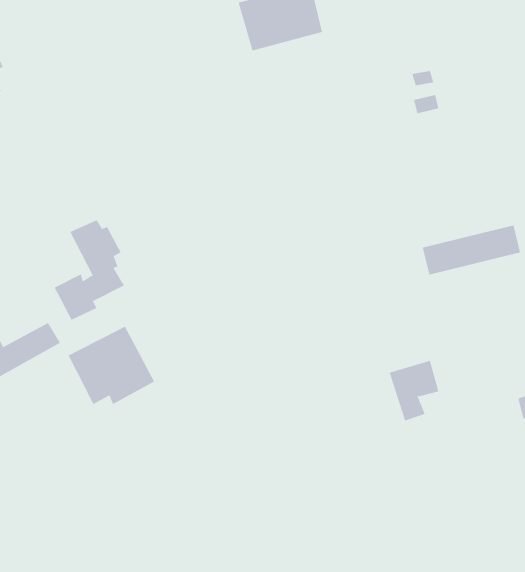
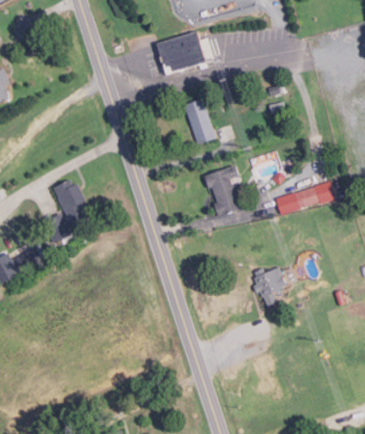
building: none -> [184,99,215,144]
building: none -> [205,165,248,225]
building: [68,326,155,405] -> none

